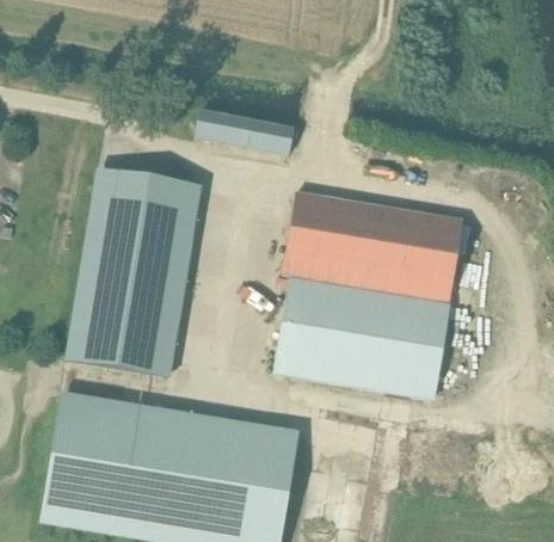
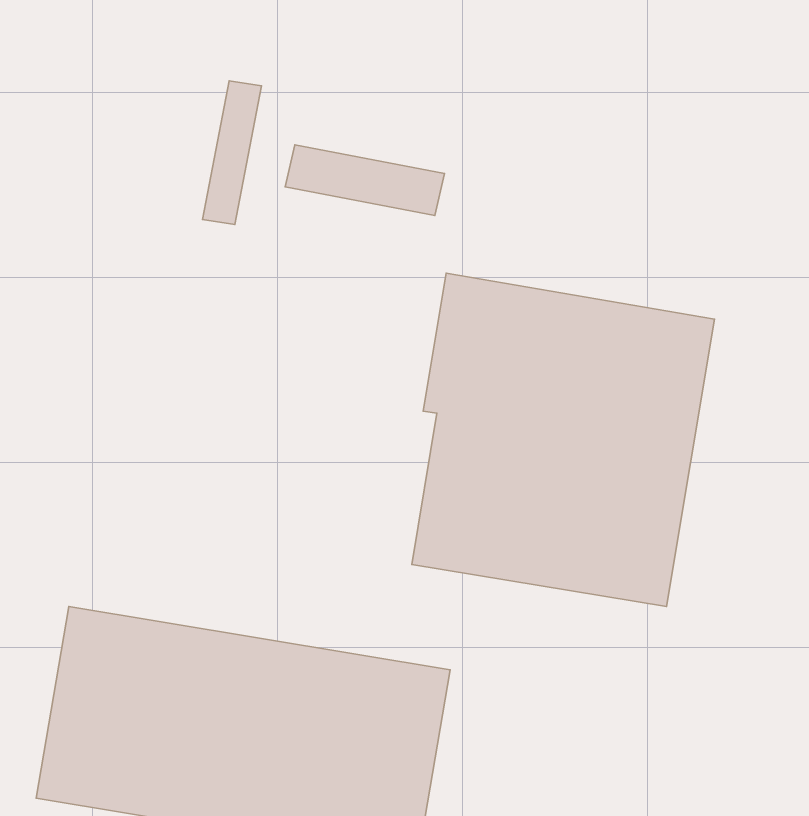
building: none -> [203,81,261,224]
building: [68,167,199,375] -> none

